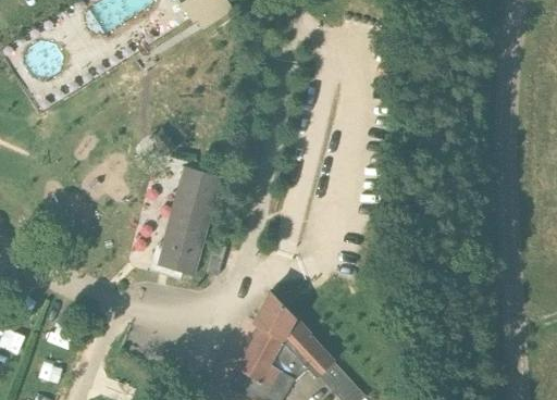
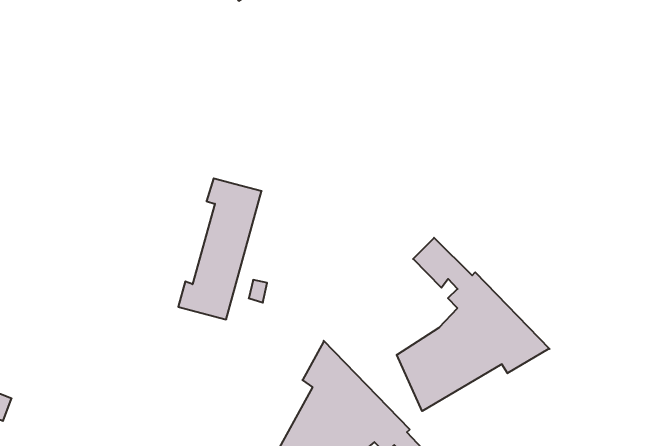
building: none -> [397,238,550,411]

